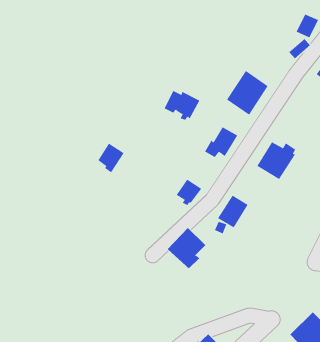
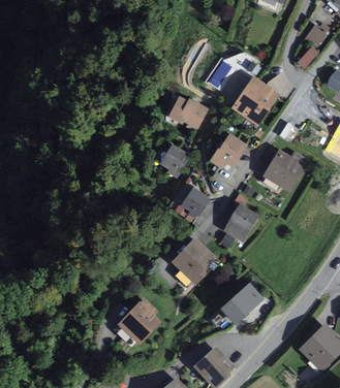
building: [97,143,125,173] -> [161,146,189,176]
building: none -> [223,286,260,321]
building: none -> [119,299,158,342]

